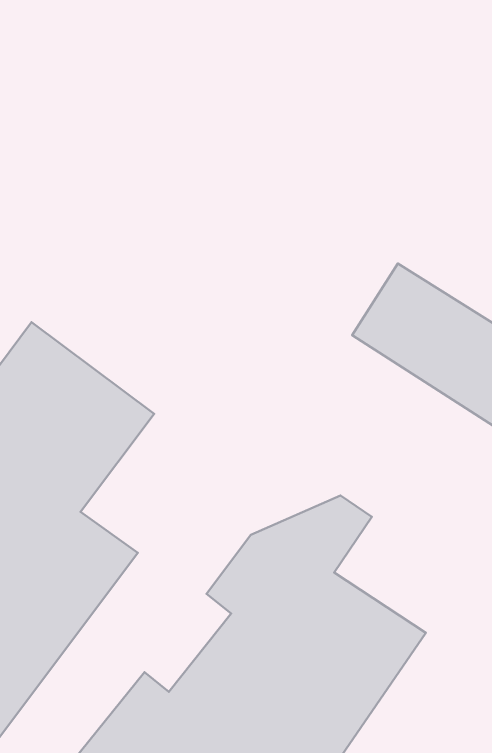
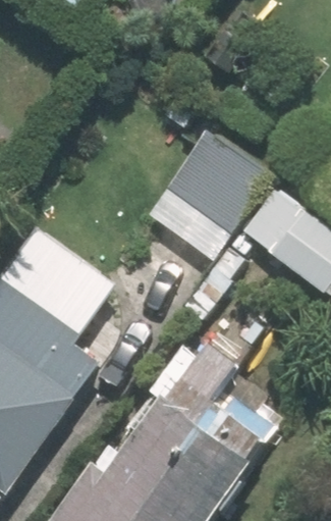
building: none -> [148,128,273,258]

